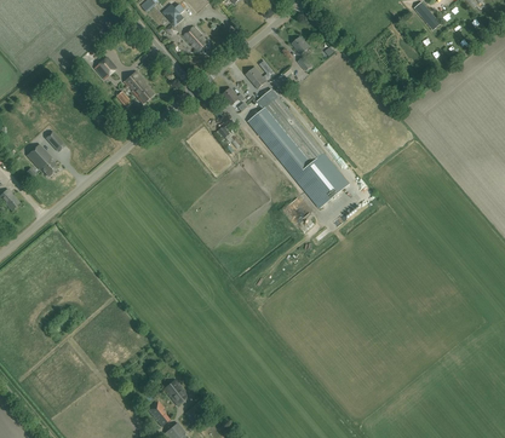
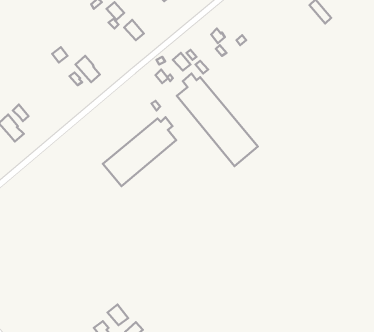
building: none -> [103,117,176,186]

